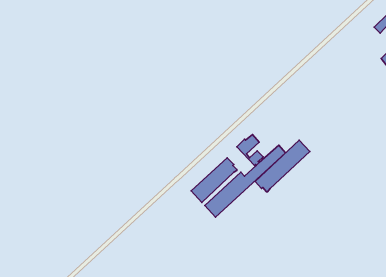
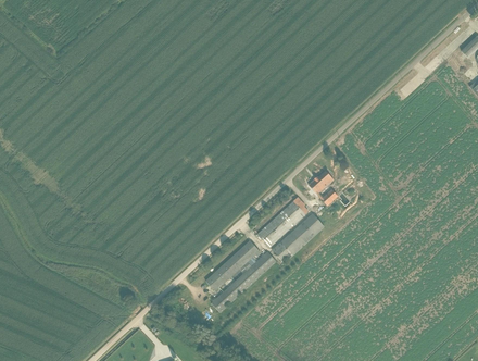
building: [255,140,310,192] -> none
building: none -> [205,239,276,311]

